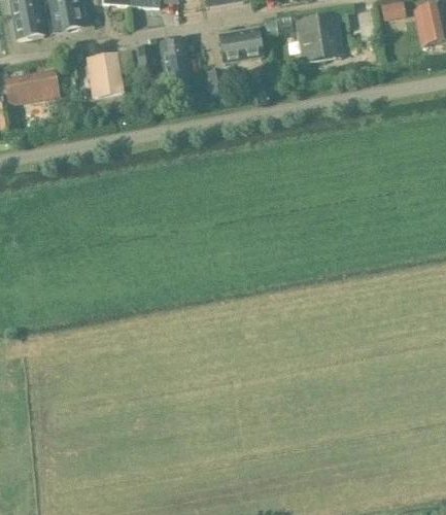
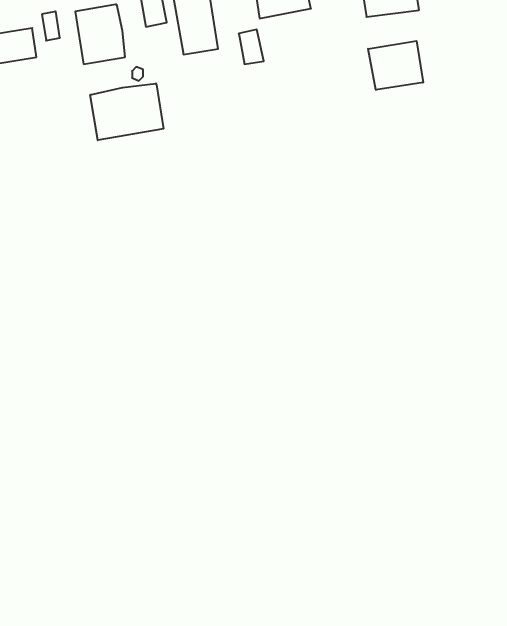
building: none -> [368,41,423,90]
building: none -> [90,83,163,140]

